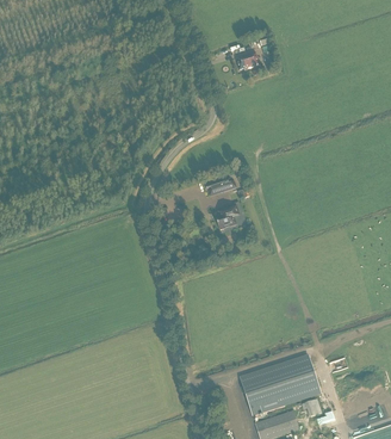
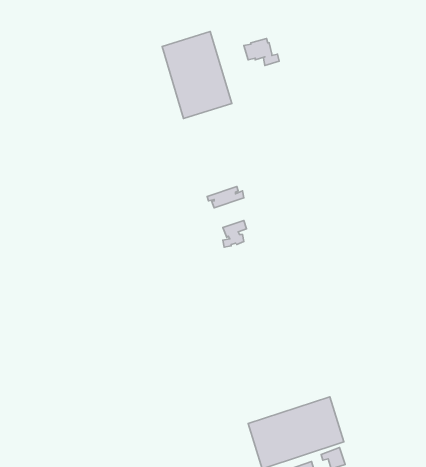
building: none -> [162,31,232,119]

